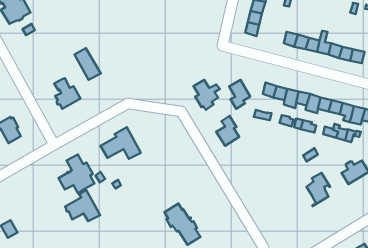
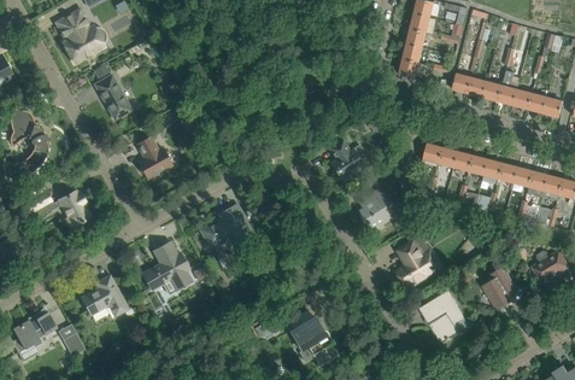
building: [74,48,101,80] -> [95,75,131,118]
building: [229,80,250,109] -> none
building: none -> [397,235,436,287]
building: none -> [418,290,464,343]
building: [65,190,100,221] -> [81,274,129,317]

